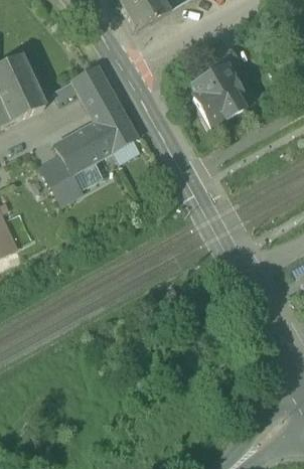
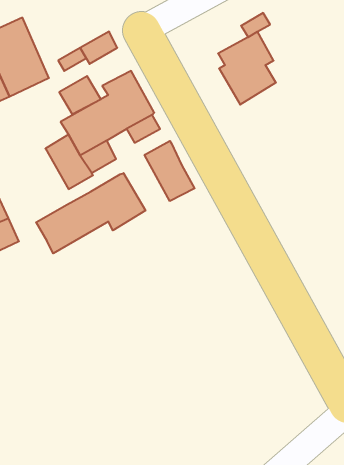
building: [79,79,115,112] -> [59,76,101,114]
building: none -> [145,141,195,201]
building: none -> [36,173,145,253]

